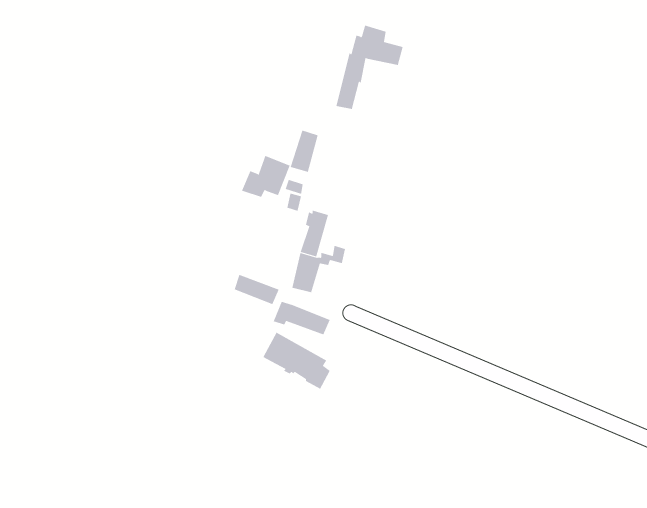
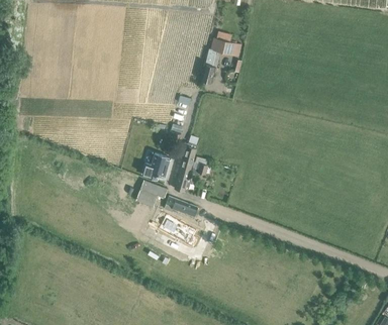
building: [241,155,290,198] -> [144,155,174,181]

